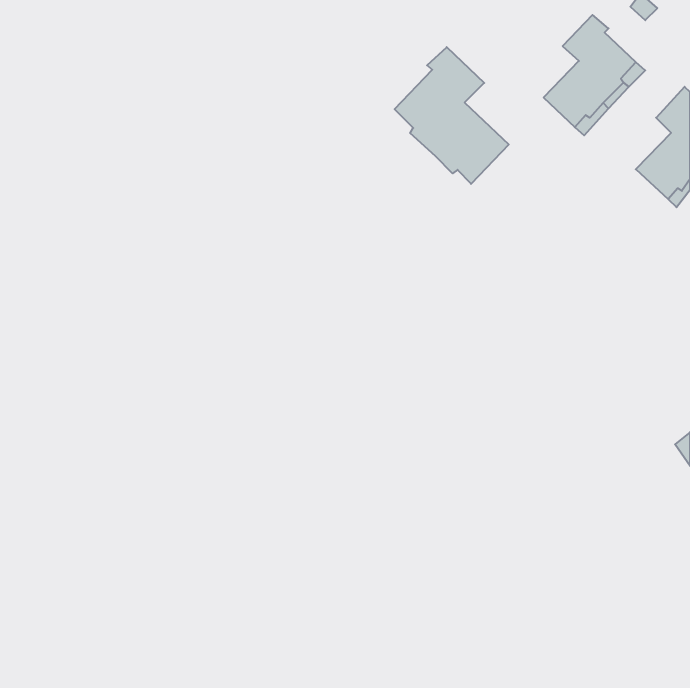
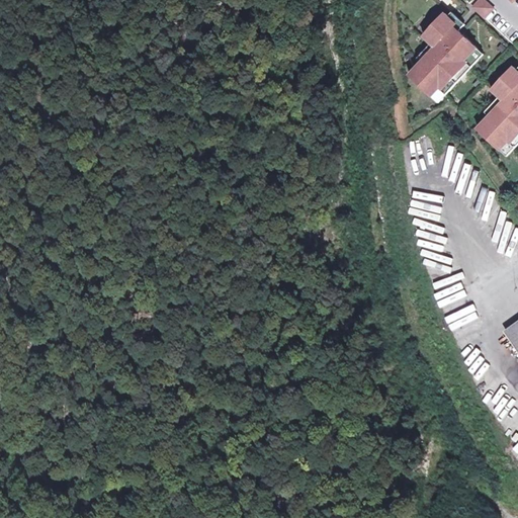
building: [395,47,509,184] -> none

